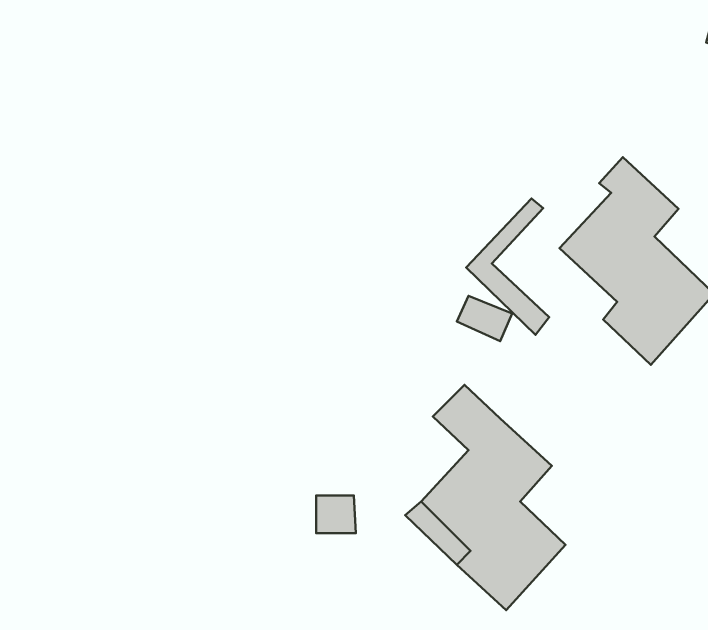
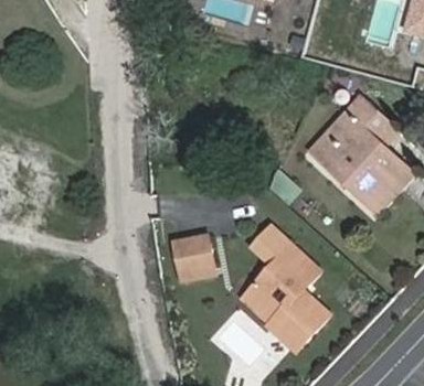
building: [466,198,549,335] -> [309,109,356,185]
building: none -> [174,237,214,281]

